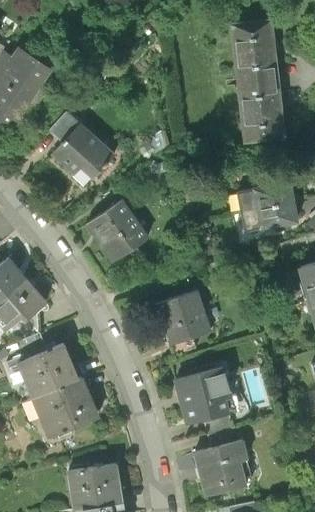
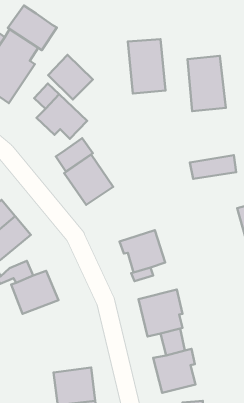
building: [231,17,277,84] -> [128,39,165,94]
building: none -> [8,5,57,50]
building: none -> [48,55,93,100]
building: none -> [56,138,93,171]
building: [237,182,294,211] -> none
building: [35,378,98,436] -> none

